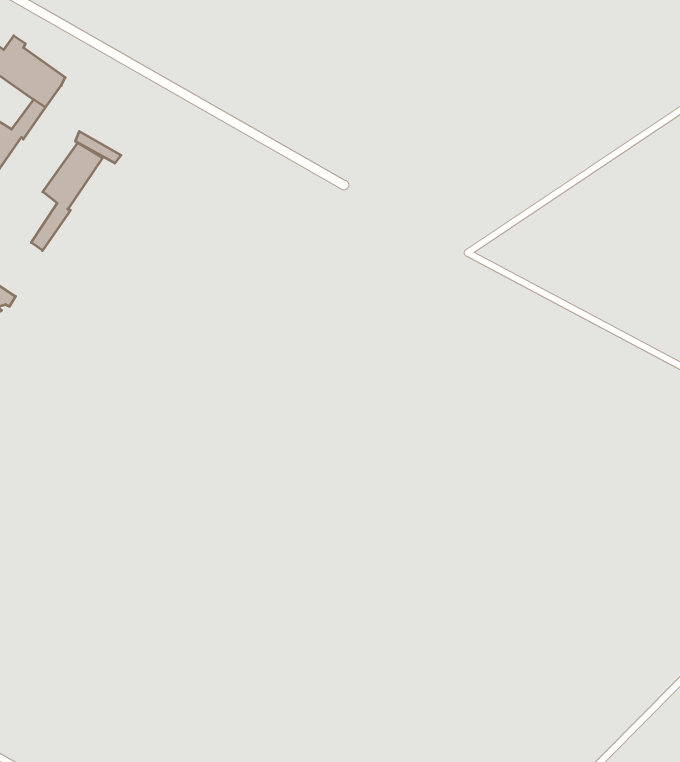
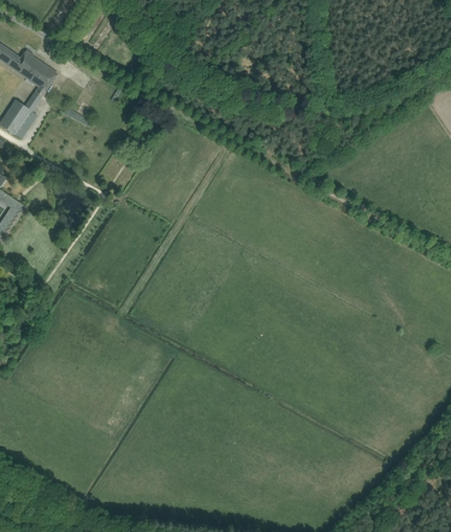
building: [31,143,103,251] -> none

